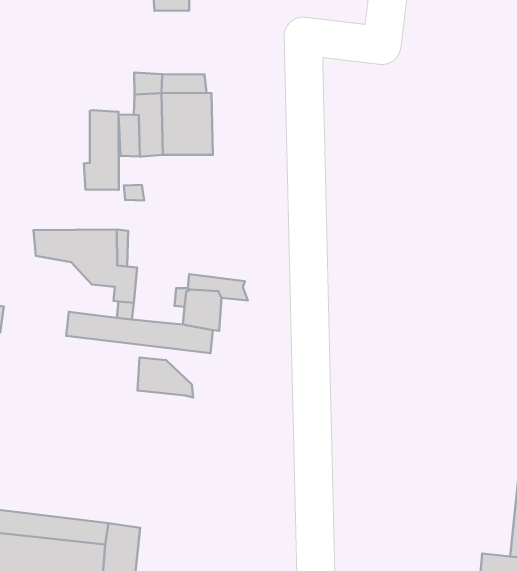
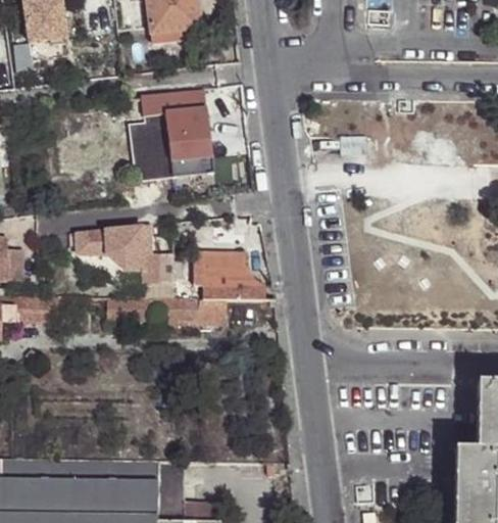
building: [84,110,119,190] -> none
building: [137,357,193,397] -> [229,273,275,300]

